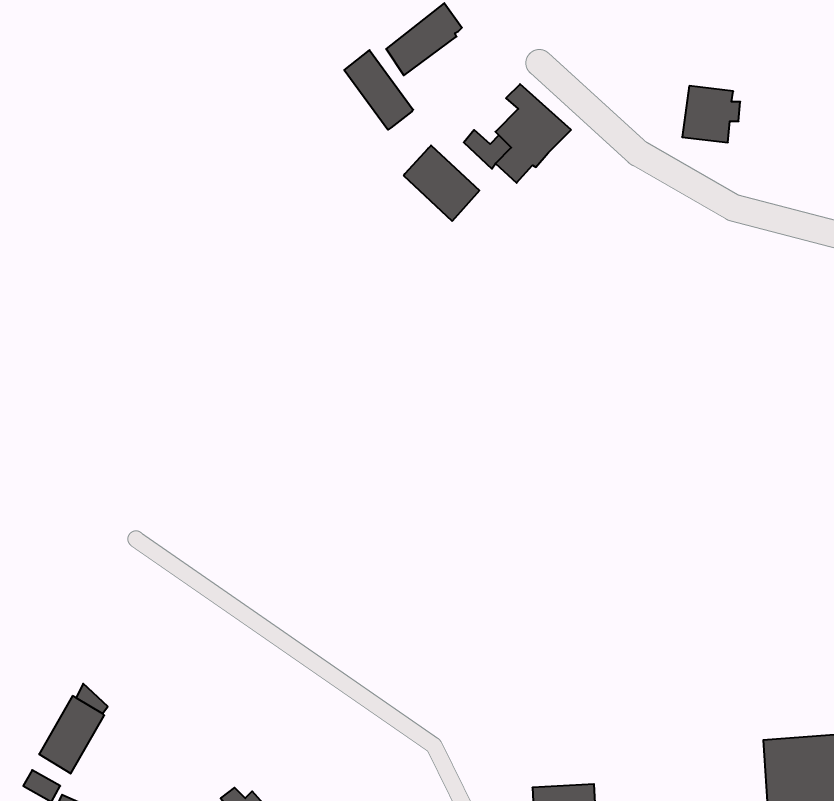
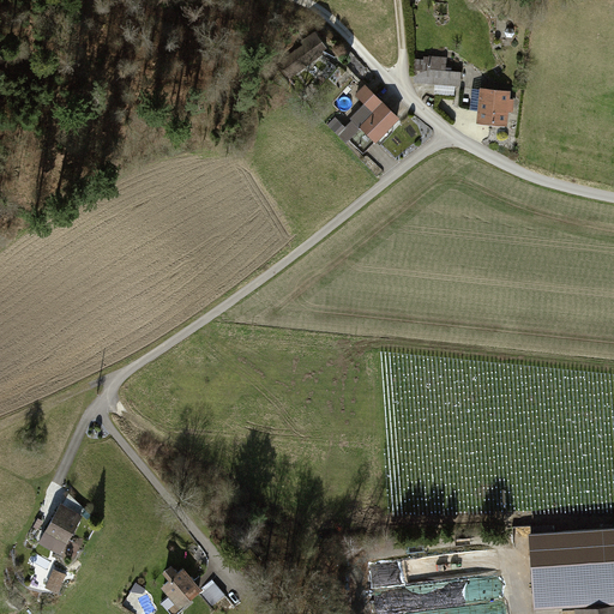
building: none -> [416,58,462,86]
building: [344,50,413,130] -> none
building: [404,145,479,221] -> none

